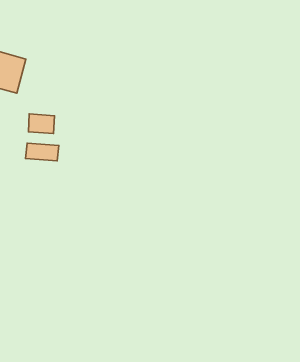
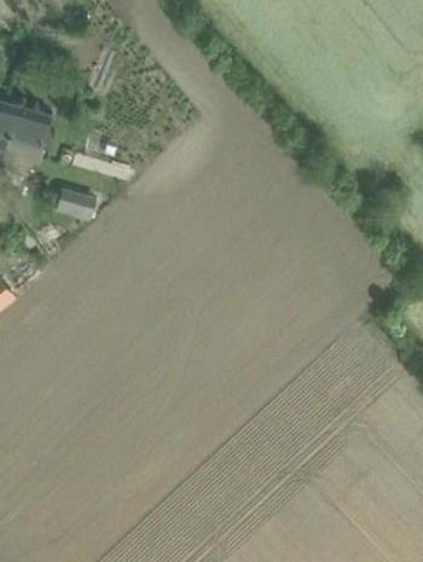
building: [26,143,59,161] -> none

